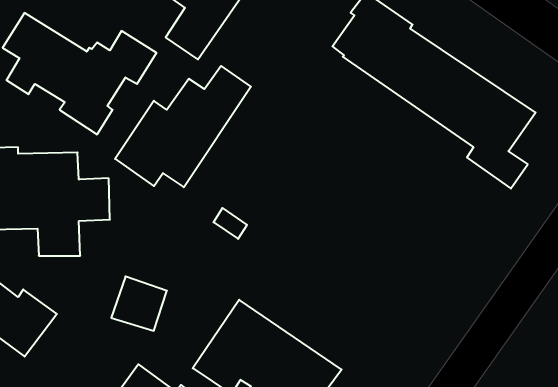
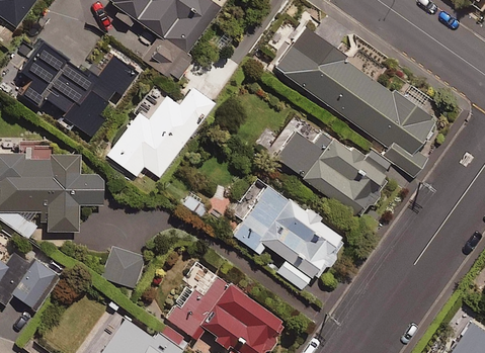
building: none -> [273,120,392,215]
building: none -> [234,179,346,289]

